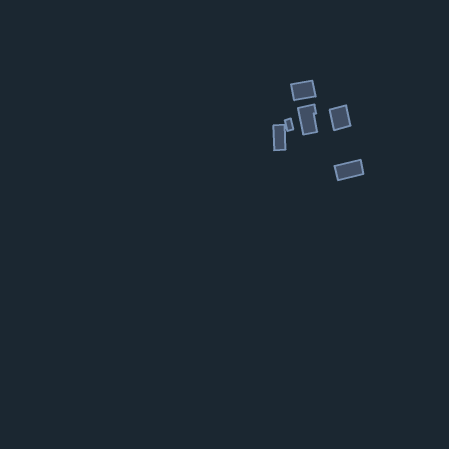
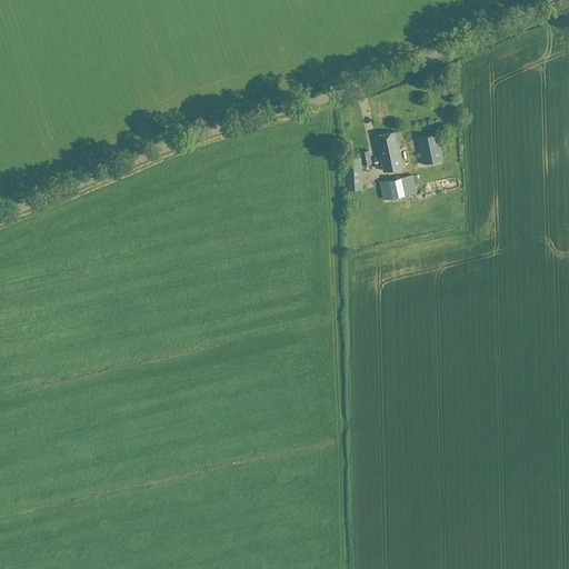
building: [291,81,316,100] -> none
building: [334,160,363,180] -> [379,174,416,200]

